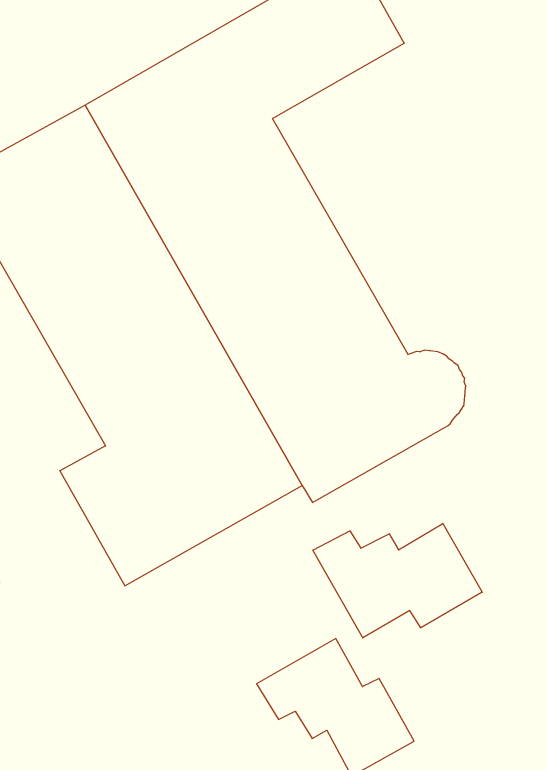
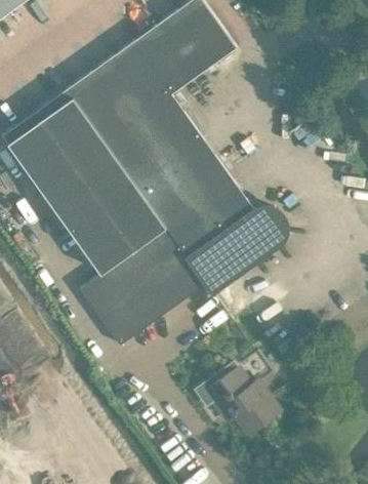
building: [313,523,482,638] -> none

